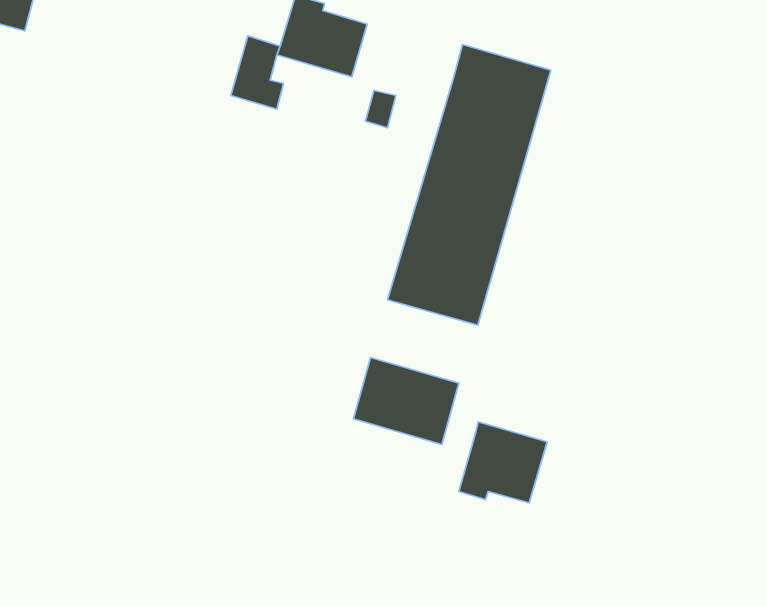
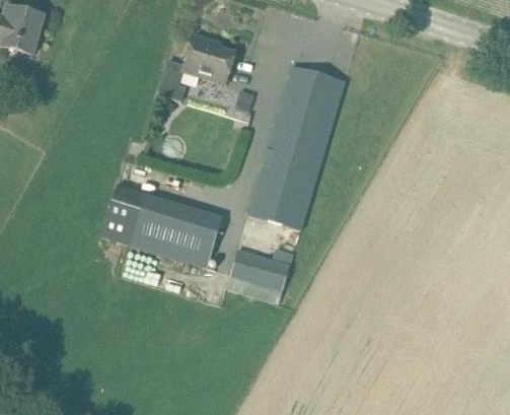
building: none -> [101,186,221,267]
building: [459,422,547,503] -> none

